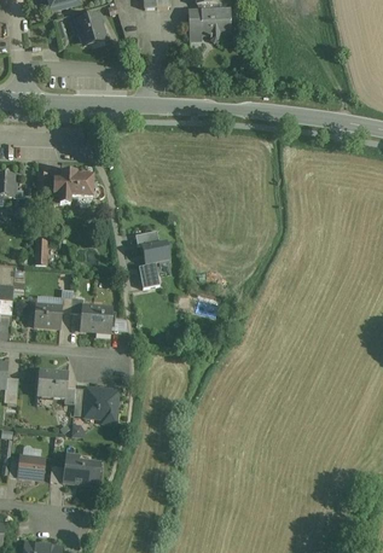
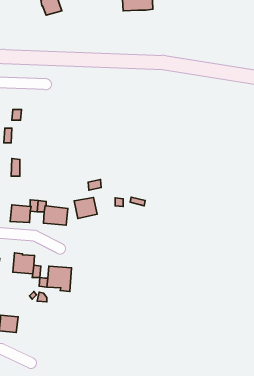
building: [52,170,95,204] -> none
building: [139,238,170,267] -> [74,197,97,218]
building: [63,454,99,487] -> none

